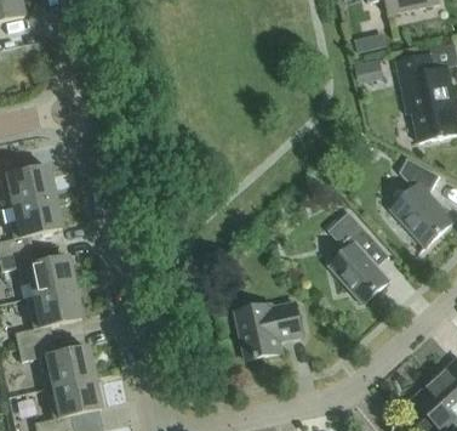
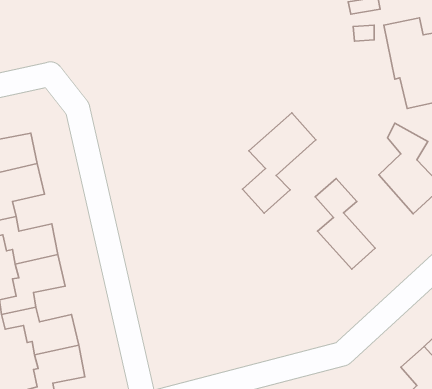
building: none -> [243,113,316,213]
building: [236,301,303,359] -> none

